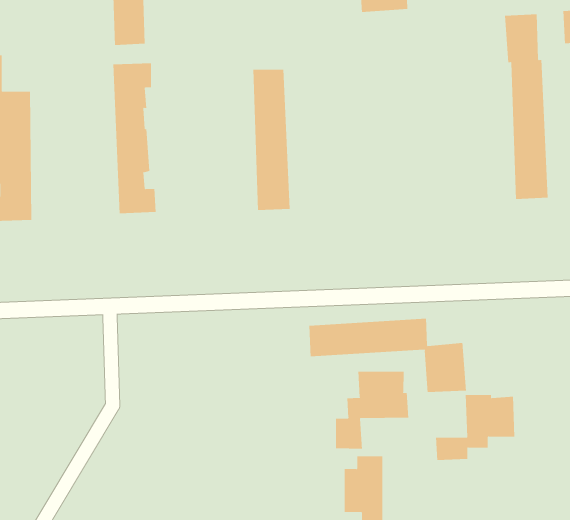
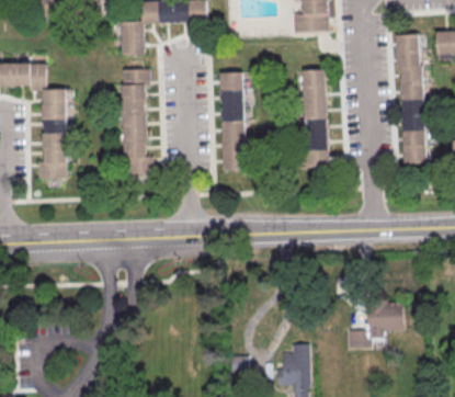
building: none -> [303,69,328,168]
building: [309,318,466,393] -> none
building: [335,371,409,449] -> none

